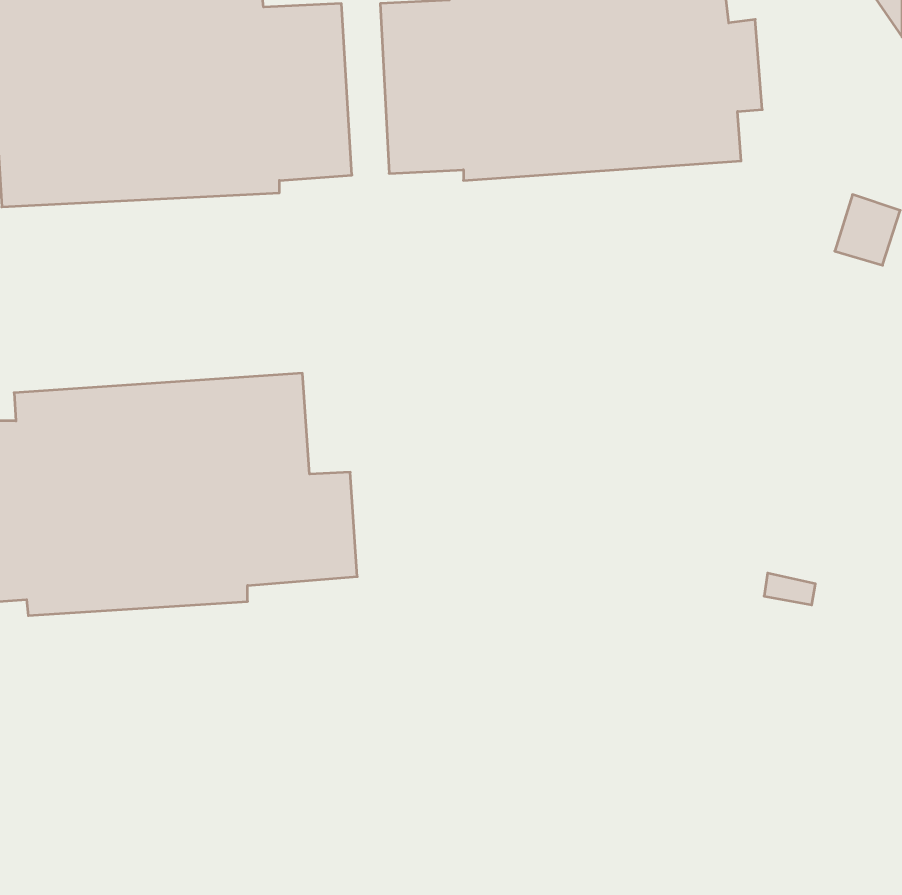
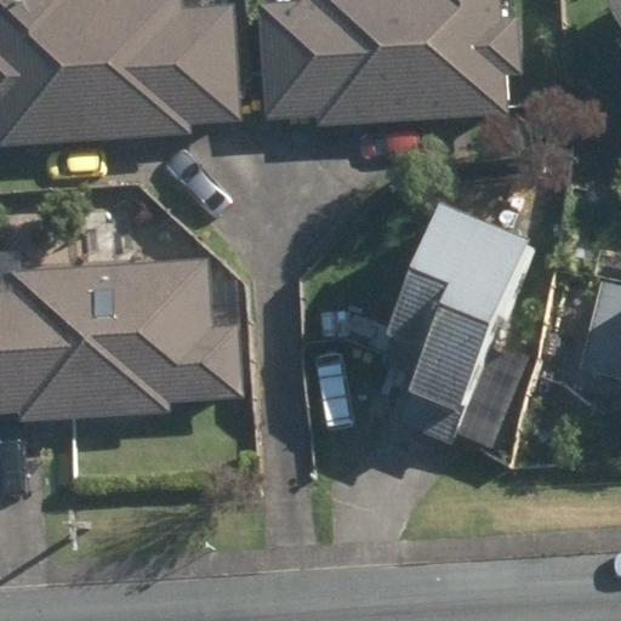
building: none -> [378,203,532,437]

